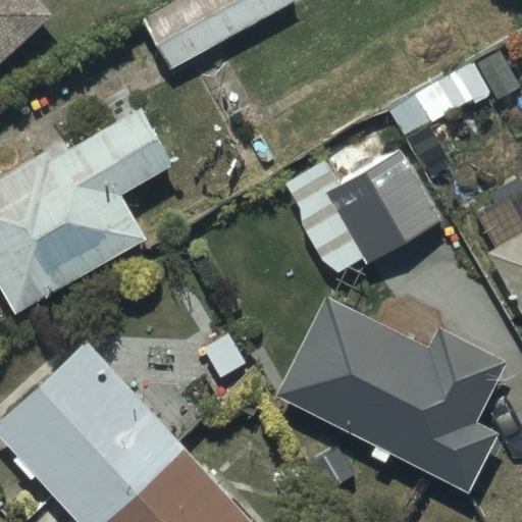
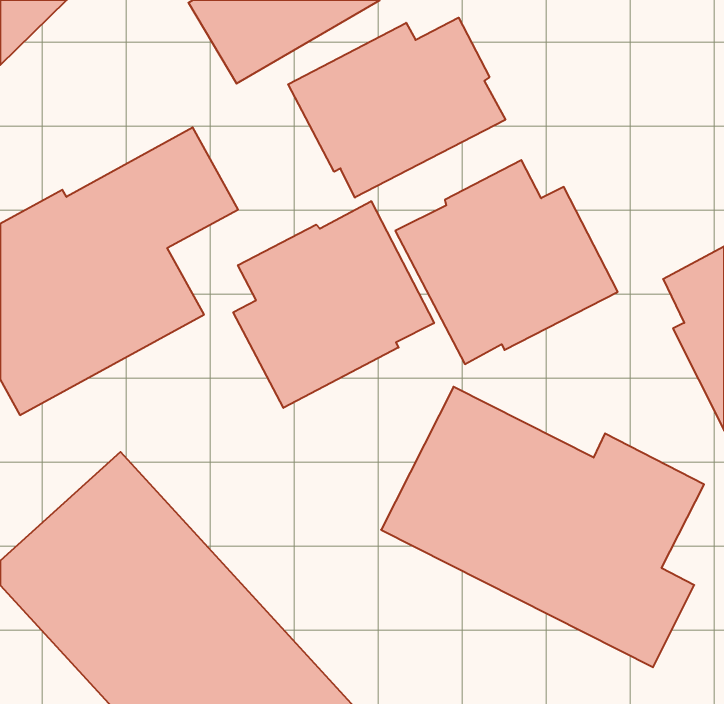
building: none -> [288,18,505,198]
building: none -> [233,201,434,408]

